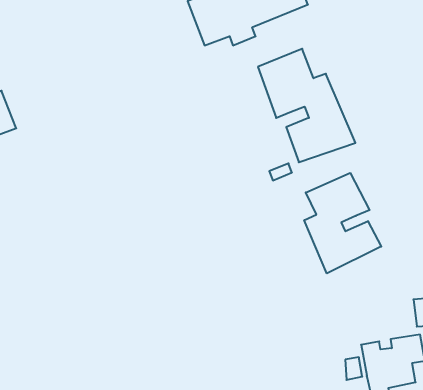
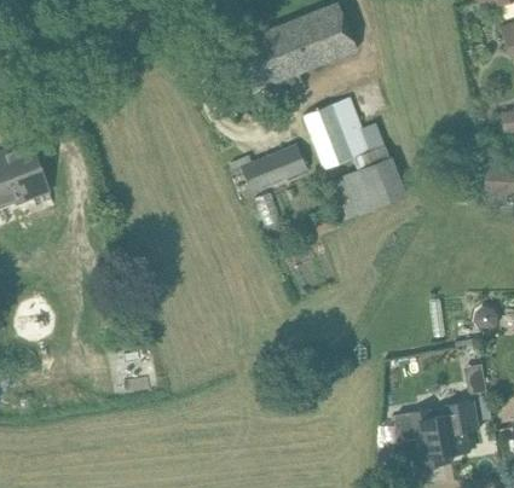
building: none -> [229,144,306,192]
building: [304,173,381,273] -> none

